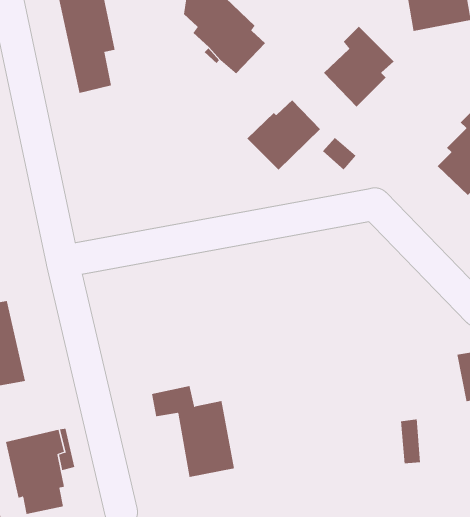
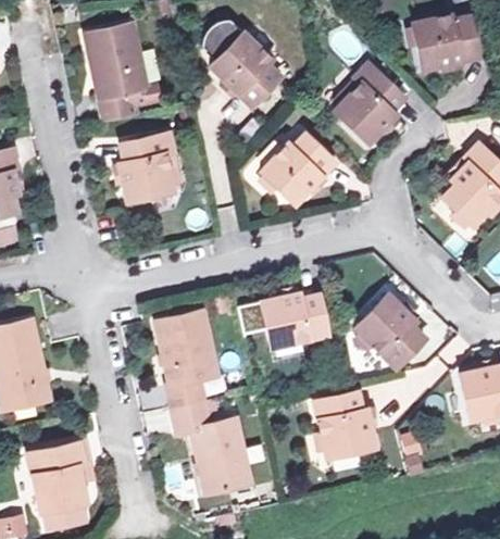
building: none -> [120,133,174,200]
building: none -> [238,294,328,349]
building: none -> [355,294,424,364]
building: none -> [160,313,218,411]
building: none -> [315,389,375,456]

